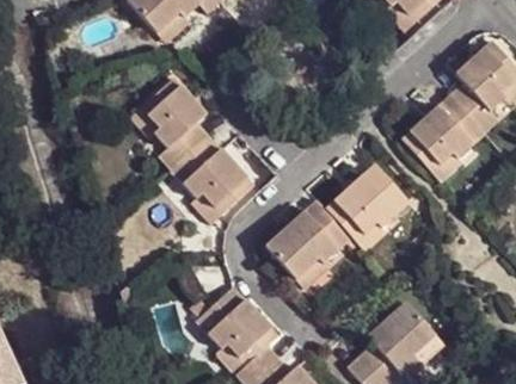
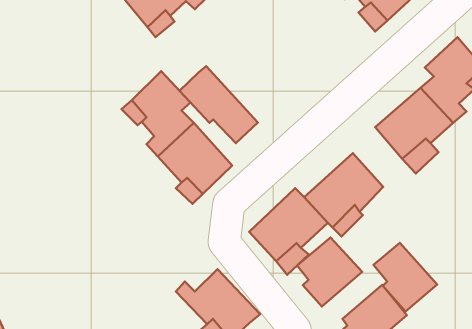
building: none -> [179,66,258,143]
building: none -> [297,237,362,306]
building: none -> [373,243,437,312]

